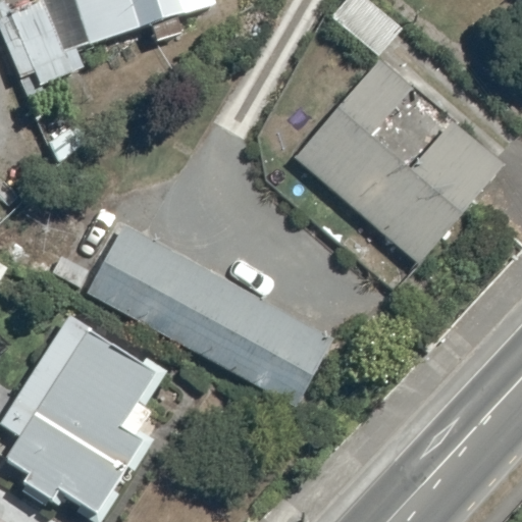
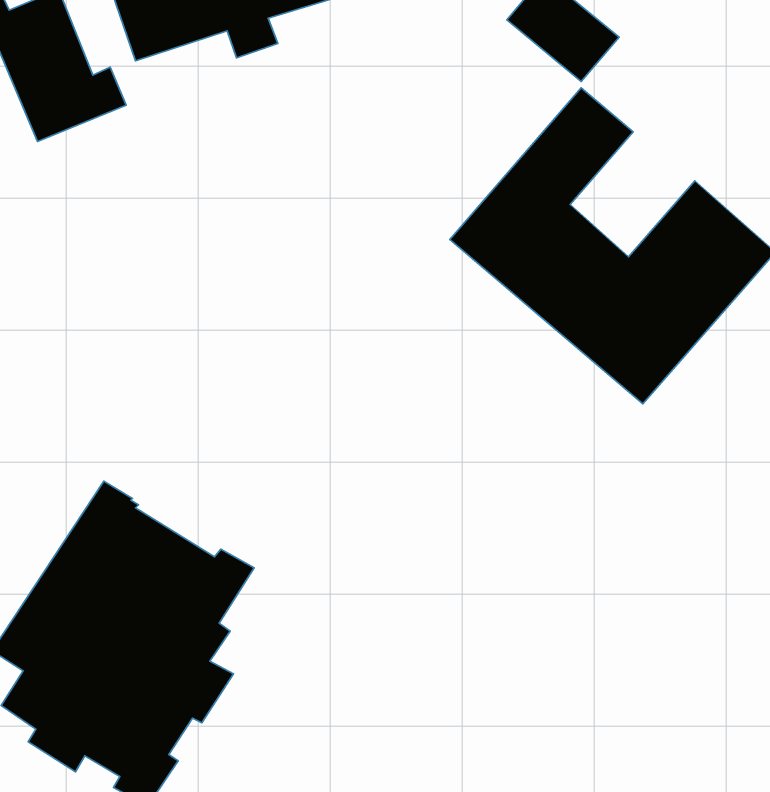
building: [86,223,333,407] -> none

